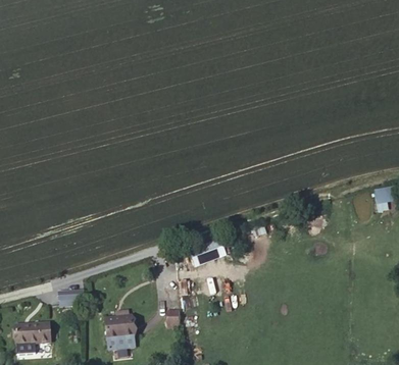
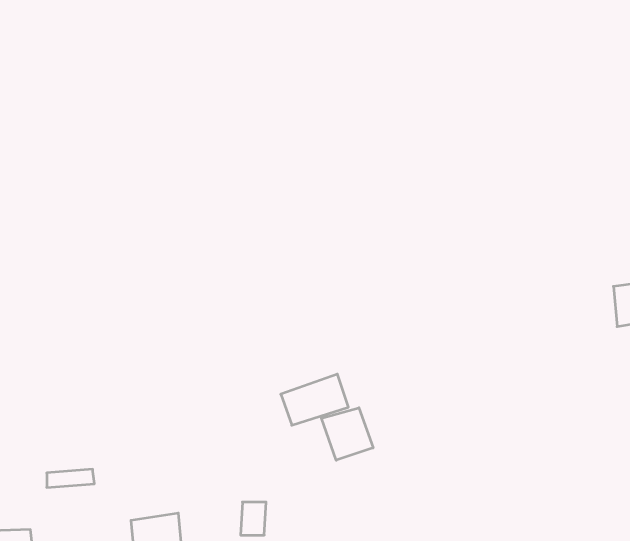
building: none -> [321,408,373,460]

